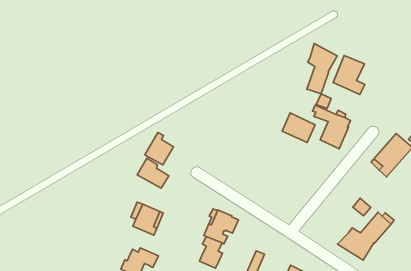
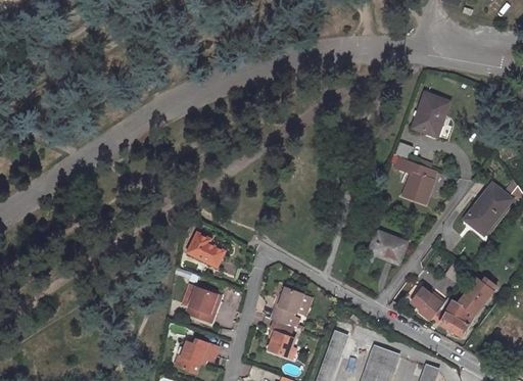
building: [307,44,337,94] -> none
building: [282,113,315,142] -> [368,230,407,264]
building: [145,132,174,165] -> none
building: none -> [411,288,442,321]

